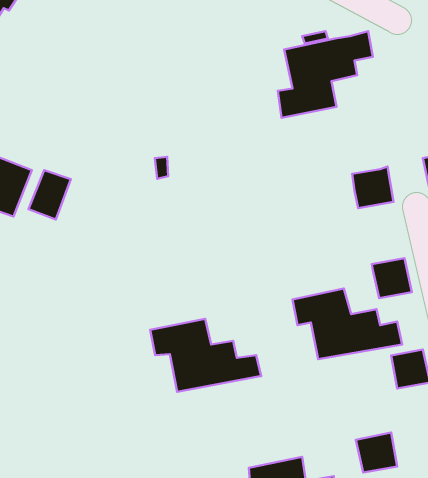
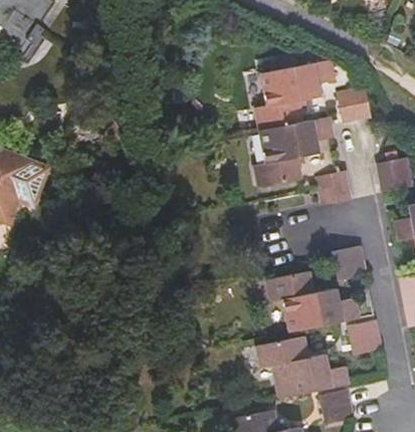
building: none -> [336,87,370,123]
building: none -> [253,117,333,188]
building: [29,170,71,220] -> none
building: [150,319,261,392] -> [257,337,349,397]

